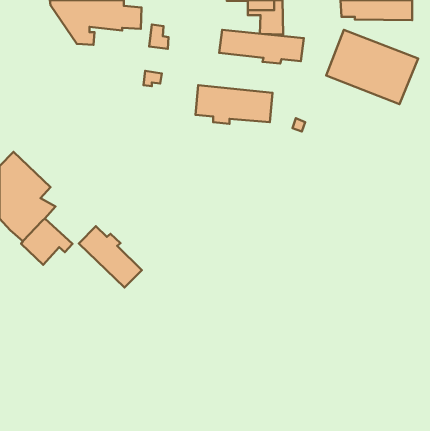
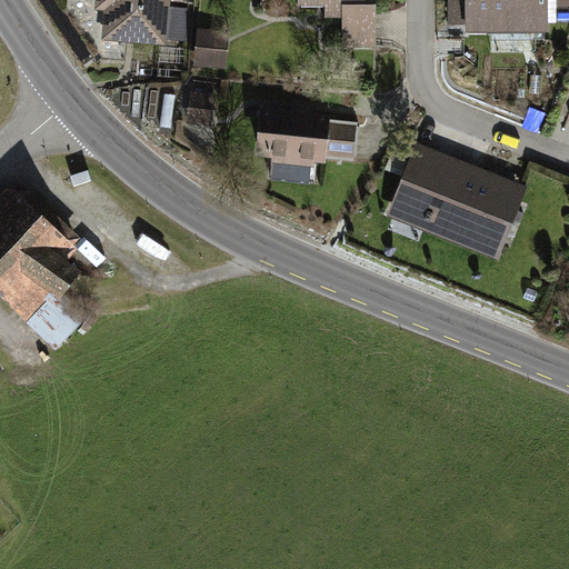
building: [326,30,418,104] -> [397,152,518,250]
building: [219,30,304,64] -> none
building: [79,226,142,288] -> none

